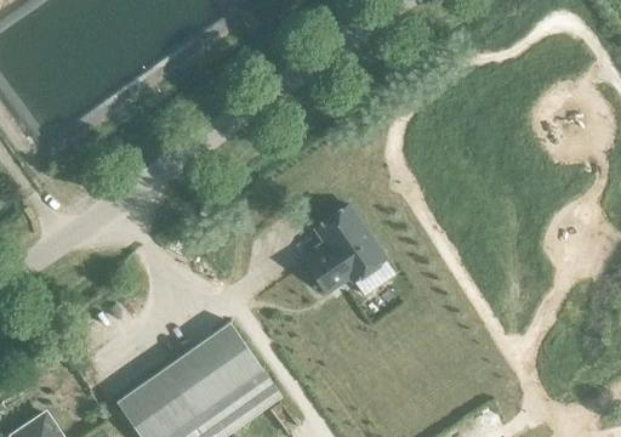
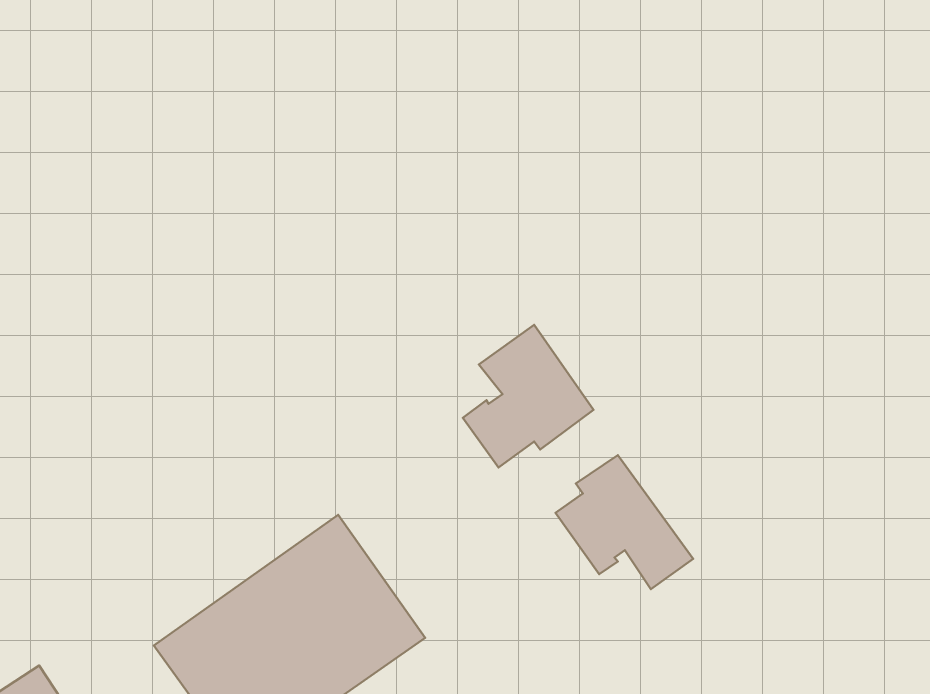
building: none -> [556,455,693,589]

